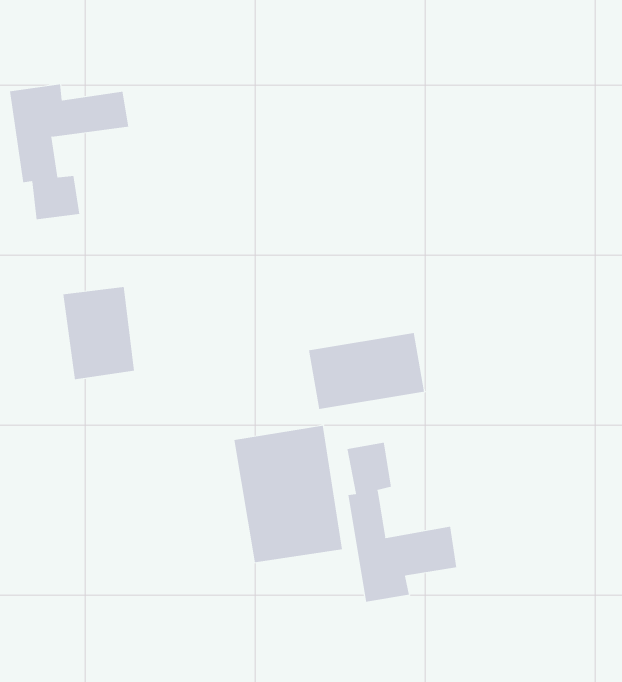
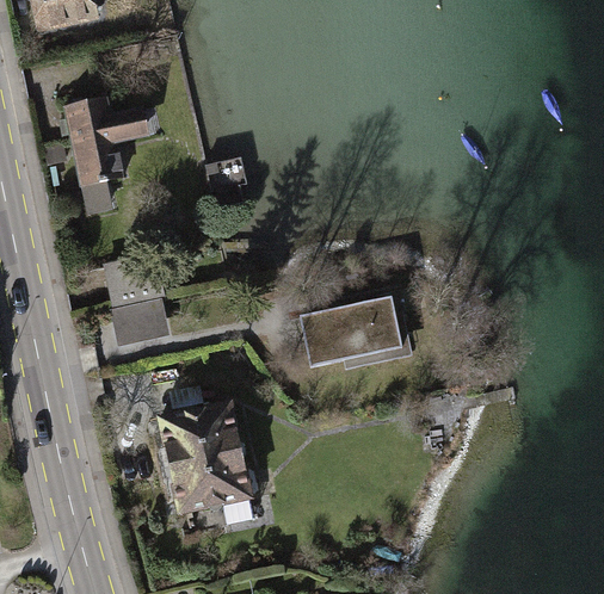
building: [233,425,343,563] -> [162,406,251,516]
building: [347,442,457,603] -> none

